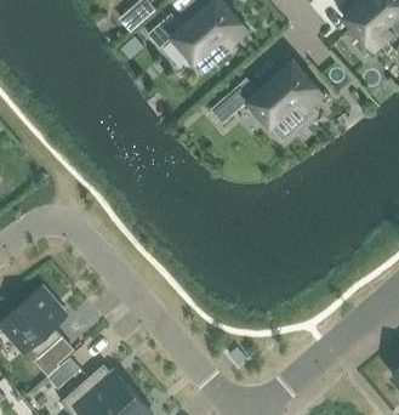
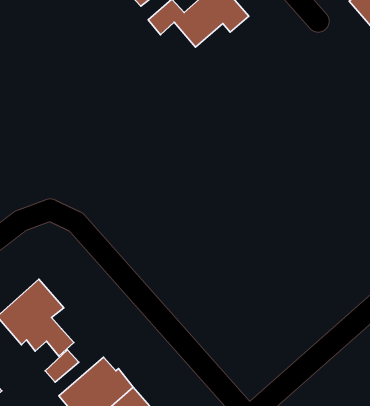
building: [210,62,323,126] -> none

